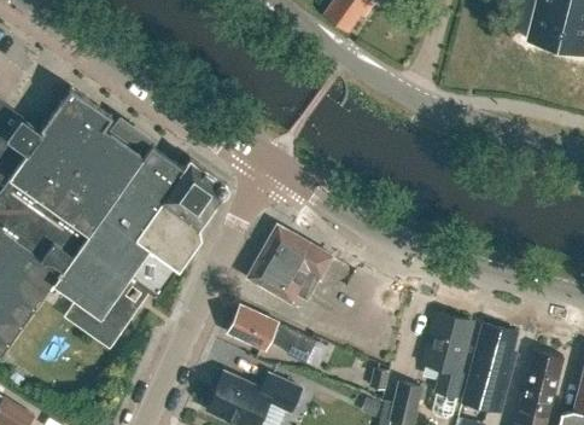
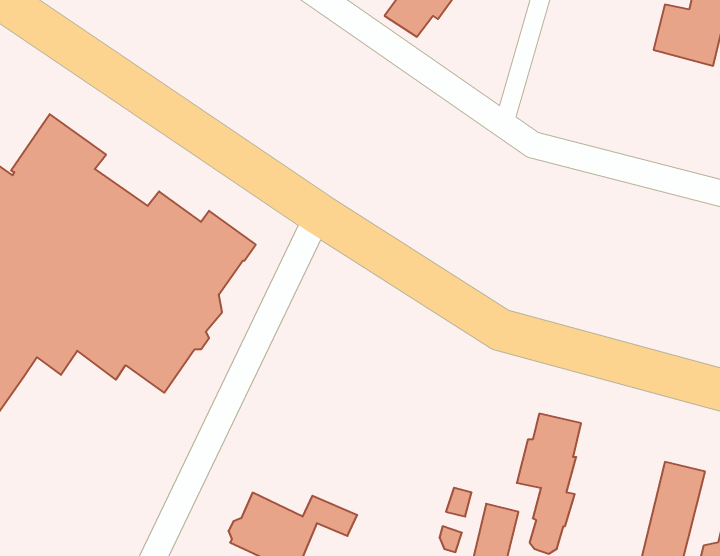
building: [247,225,333,305] -> none
building: [53,266,136,349] -> none
building: [228,304,316,362] -> none
building: [463,324,516,411] -> none

